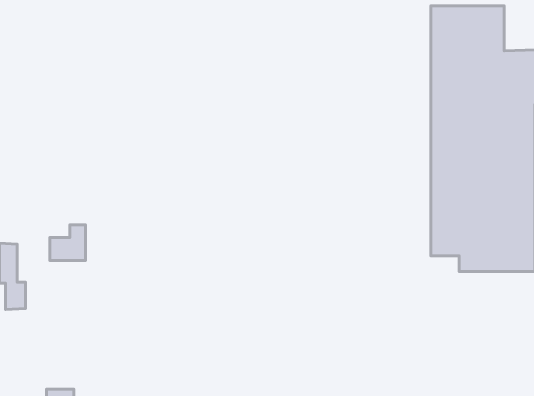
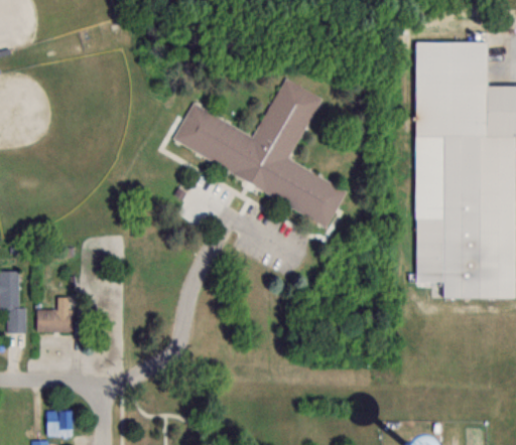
building: none -> [171,79,347,222]
building: [50,225,85,261] -> [37,298,72,332]

